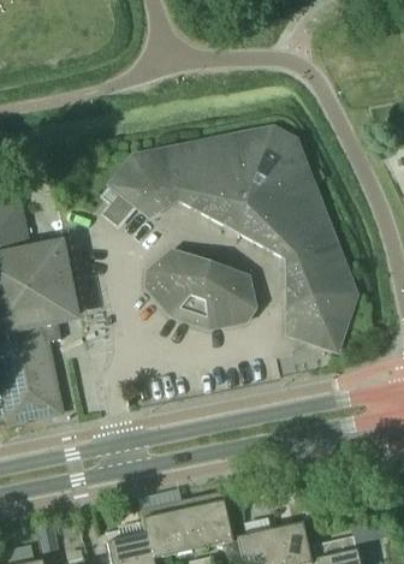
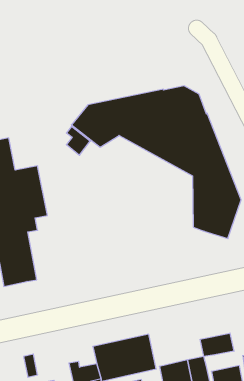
building: [147,250,256,327] -> none
building: none -> [200,333,234,357]

